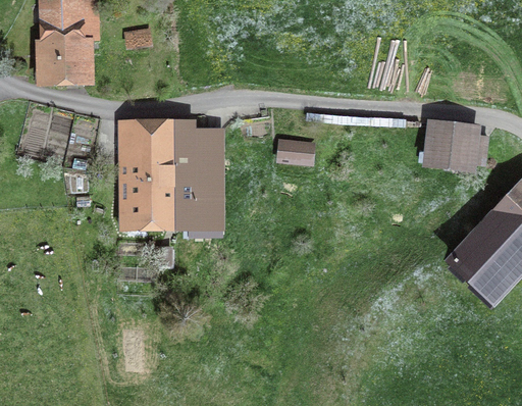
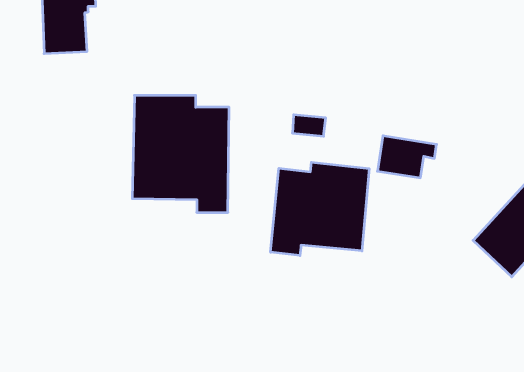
building: [425,128,481,167] -> [377,136,437,178]
building: none -> [271,162,369,256]

